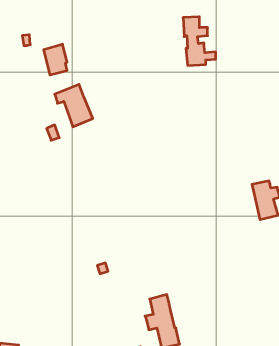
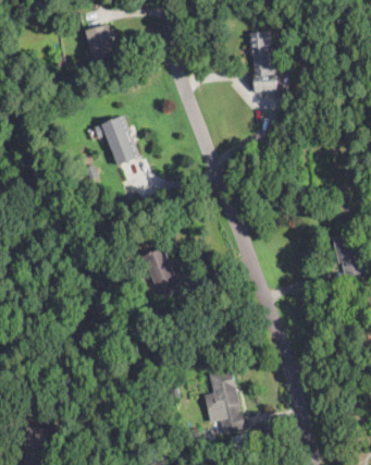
building: [44,44,67,75] -> [85,23,113,60]
building: none -> [144,247,177,291]

